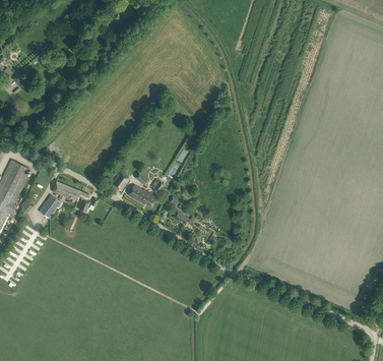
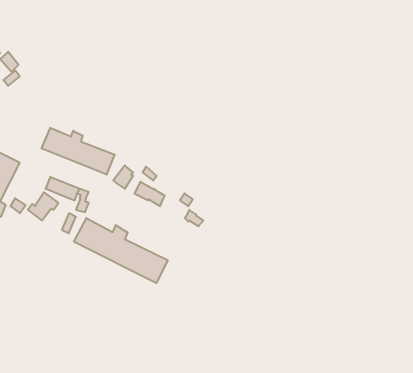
building: none -> [42,128,115,175]
building: none -> [74,218,168,283]

